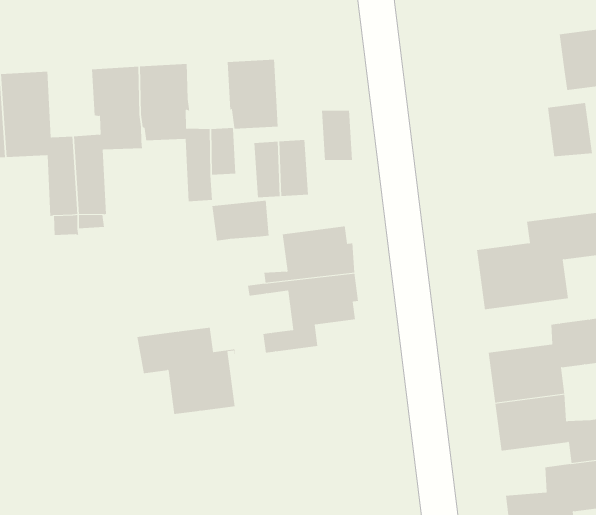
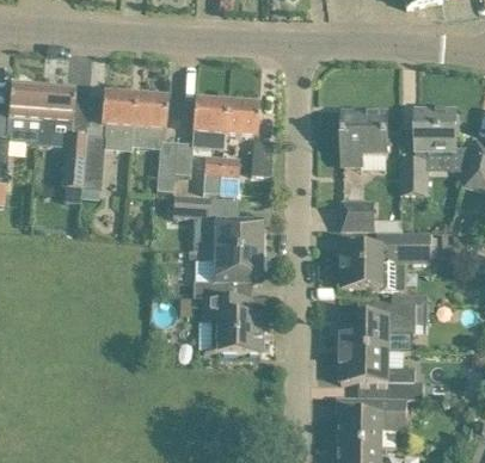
building: none -> [343,109,388,162]
building: none -> [223,100,258,135]
building: none -> [343,199,374,228]
building: [136,327,236,415] -> [201,295,265,350]

